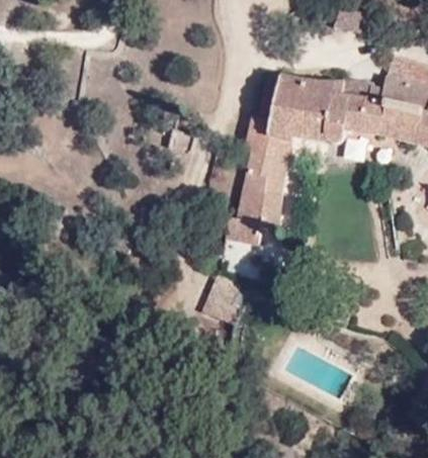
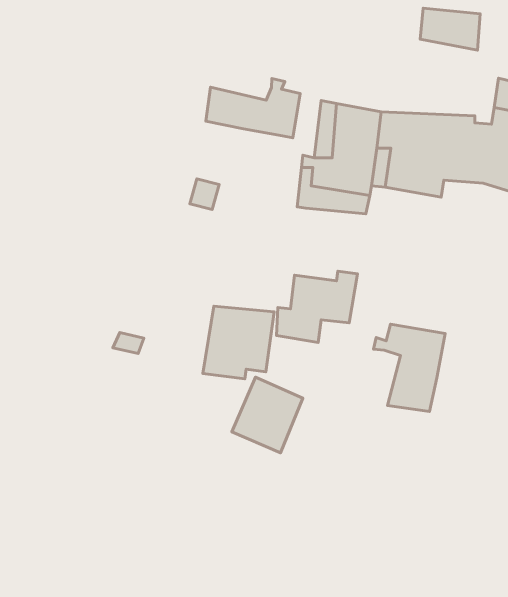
building: none -> [206,79,300,138]
building: [244,151,295,203] -> [203,306,274,379]
building: none -> [374,324,445,412]

